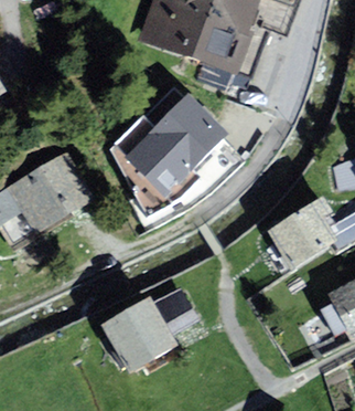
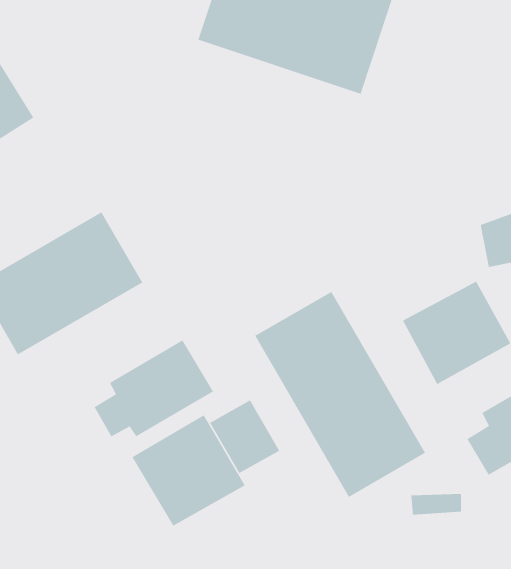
building: [107,94,239,217] -> none
building: none -> [254,291,426,498]
building: none -> [94,339,214,437]

